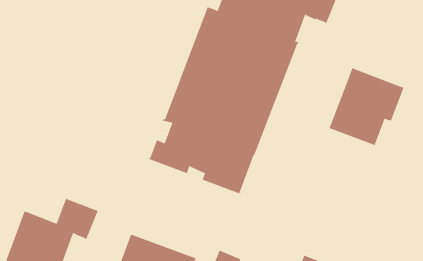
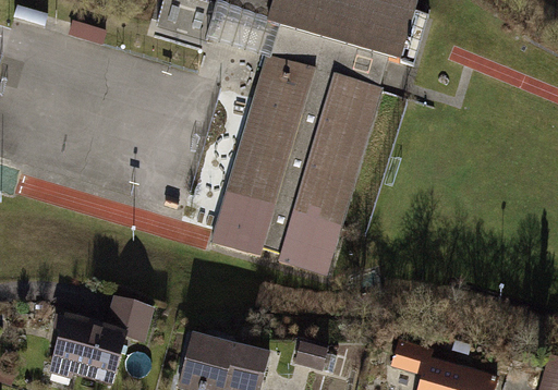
building: [329,67,404,146] -> none

